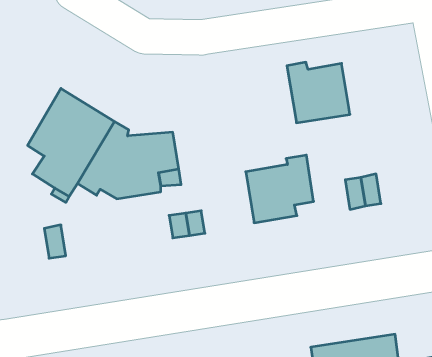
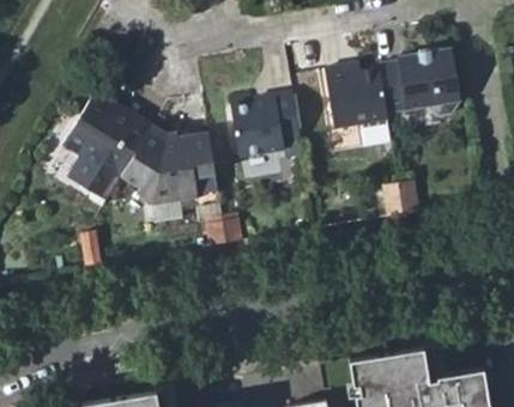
building: none -> [377,48,460,116]
building: [246,155,314,223] -> [230,92,298,160]

